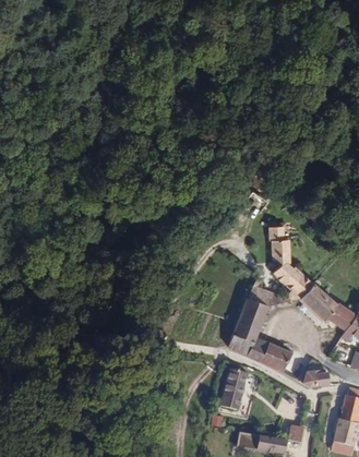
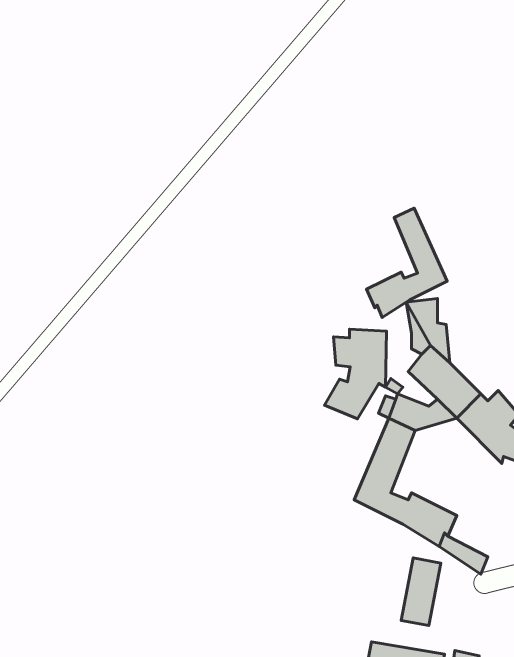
building: none -> [366,208,447,317]
building: none -> [325,329,386,419]
building: [219,376,244,419] -> [401,558,441,626]

